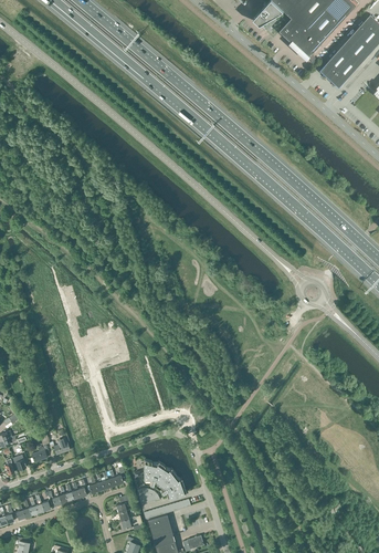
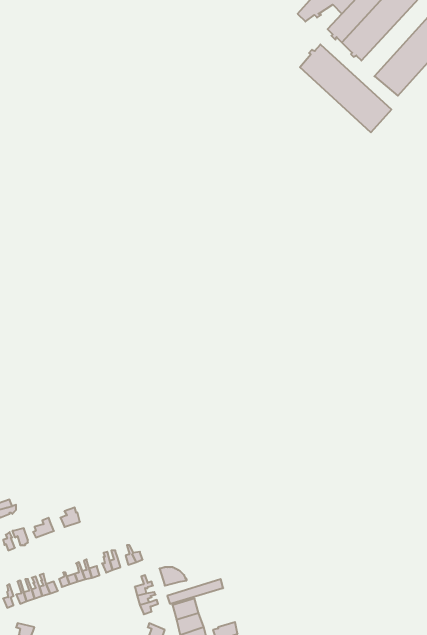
building: none -> [300,44,391,132]
building: [145,459,188,498] -> none

